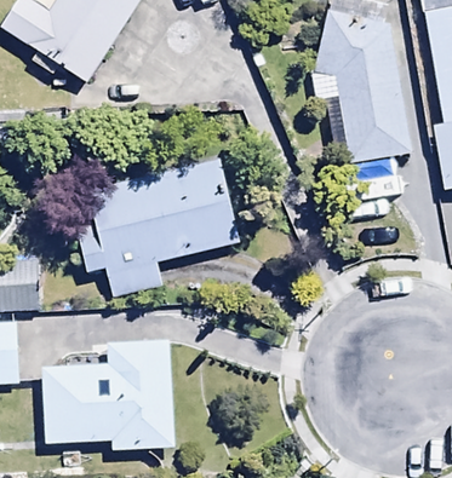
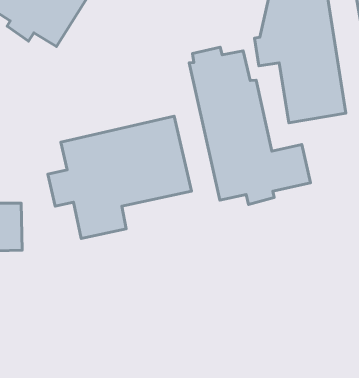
building: none -> [189,47,311,205]
building: [42,339,176,448] -> none

